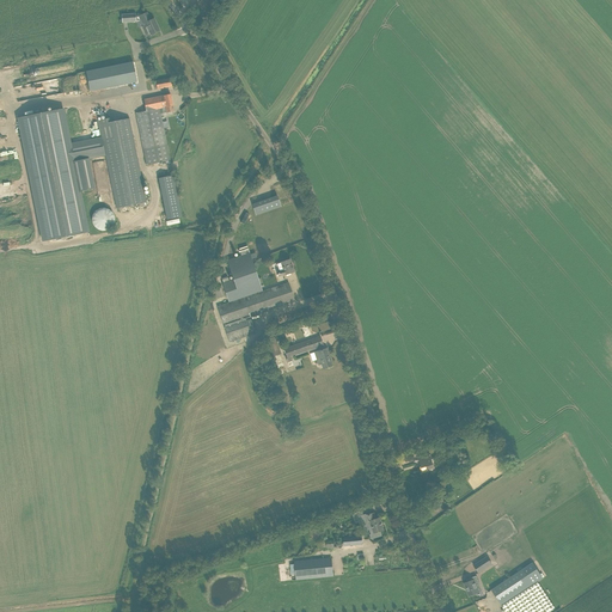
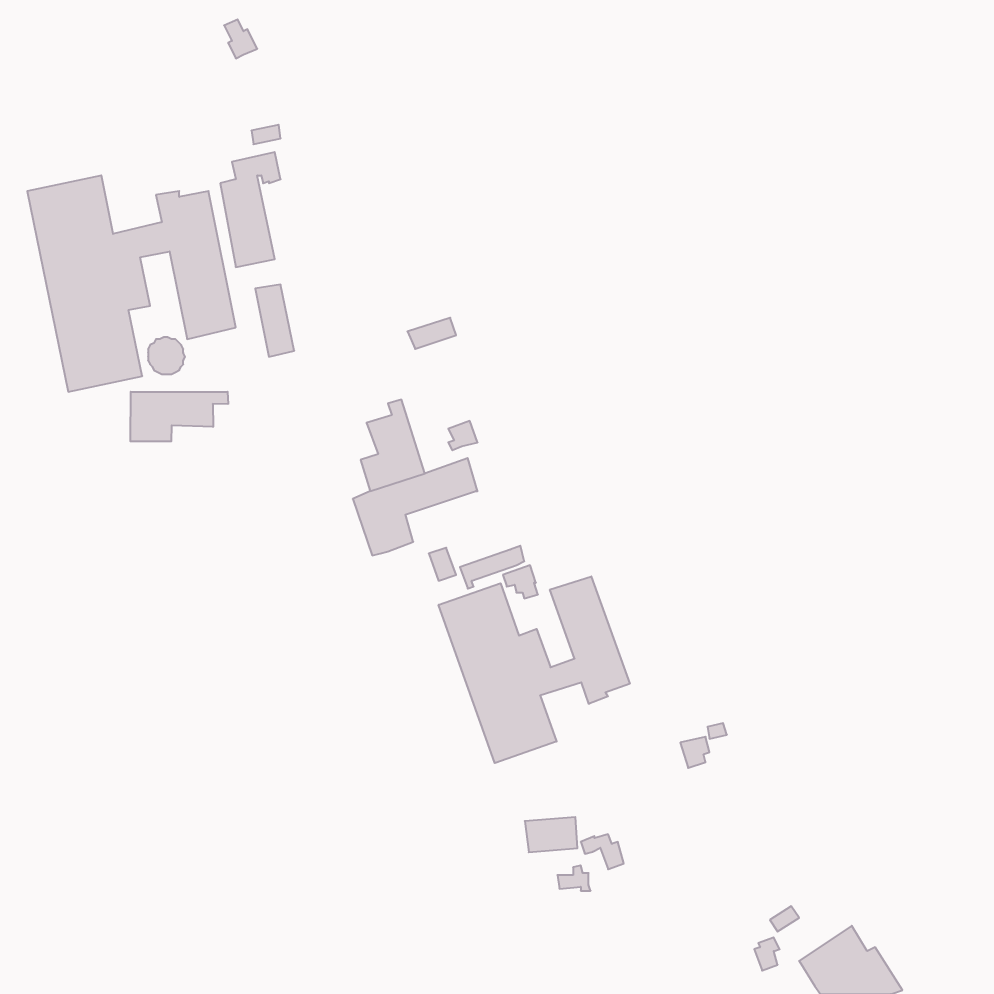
building: [84,61,136,90] -> none
building: none -> [130,392,228,441]
building: none -> [439,576,630,763]
building: [293,557,325,579] -> [525,817,577,852]

